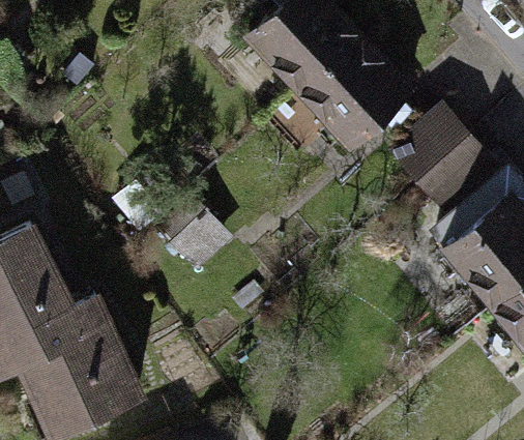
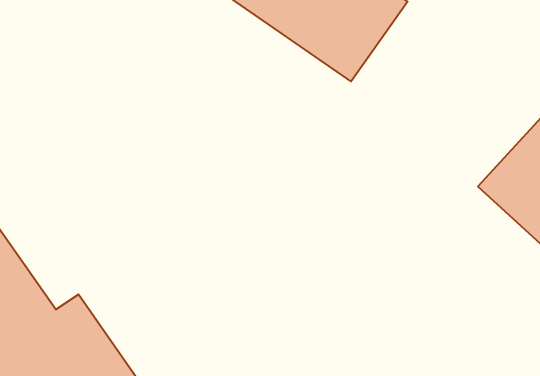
building: [407,107,492,192] -> none

